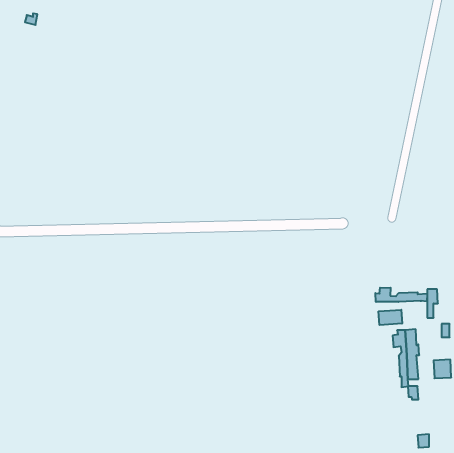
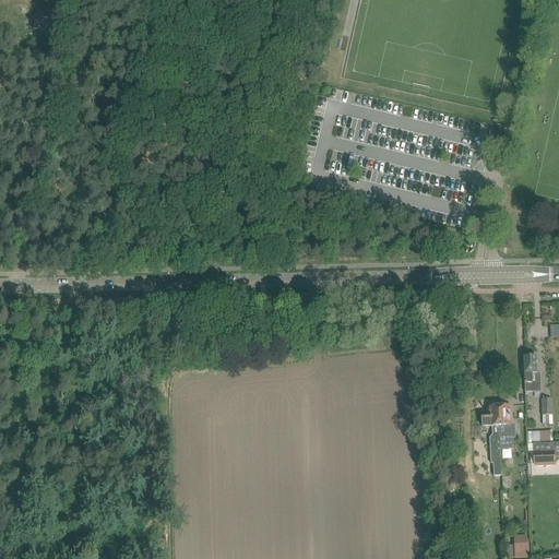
building: [375,288,427,302] -> none
building: [379,310,402,325] -> none

